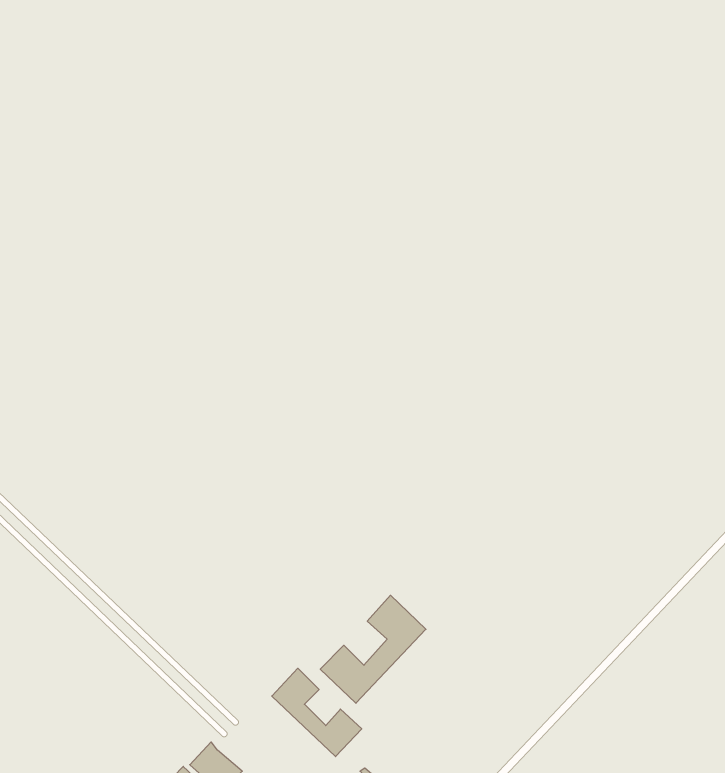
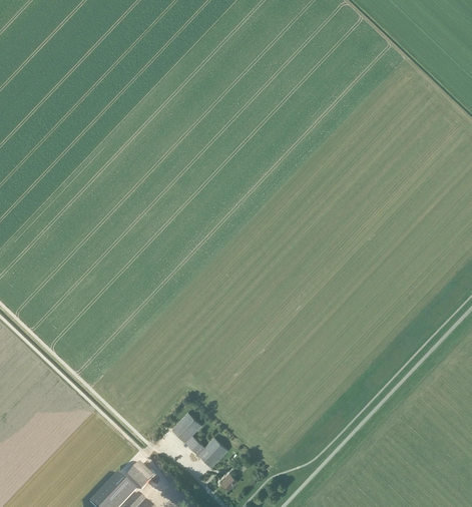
building: [320,595,426,703] -> none

